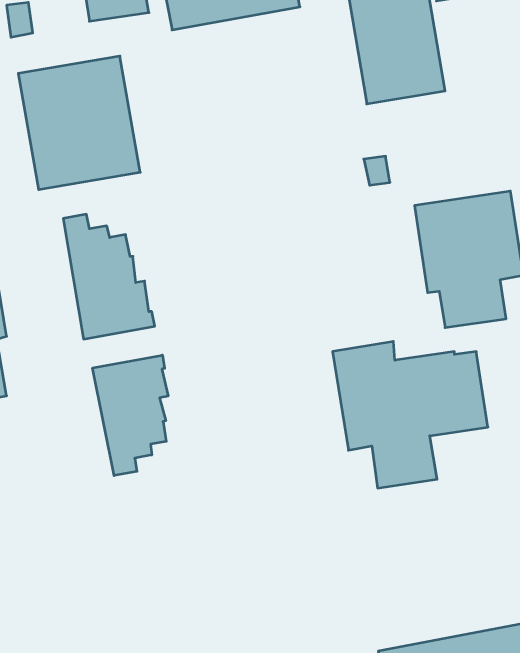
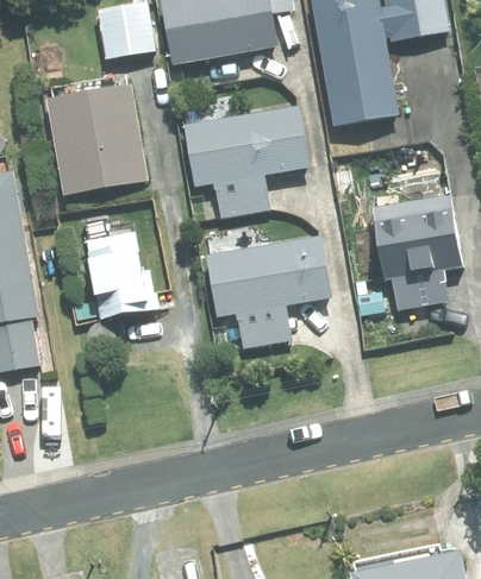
building: none -> [186,107,307,216]
building: [333,341,488,488] -> [204,227,331,347]
building: [93,355,168,476] -> none

